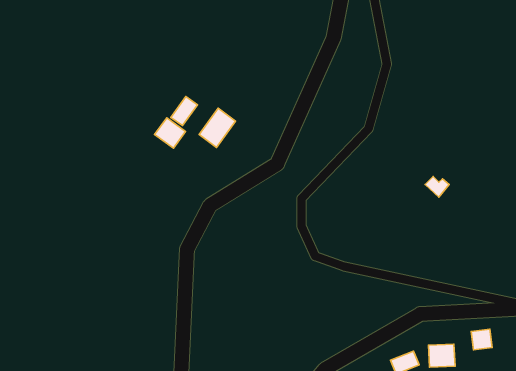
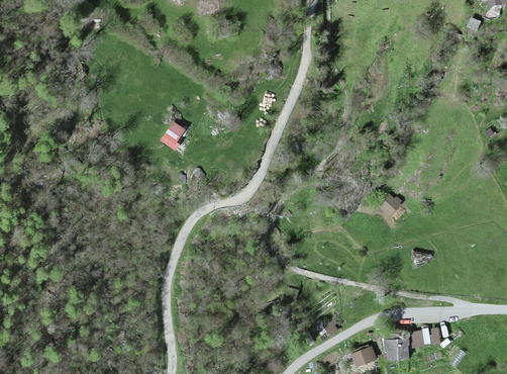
building: [199,108,235,147] -> none
building: [155,118,186,148] -> none

